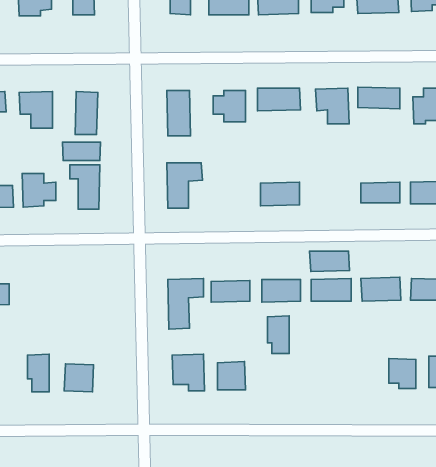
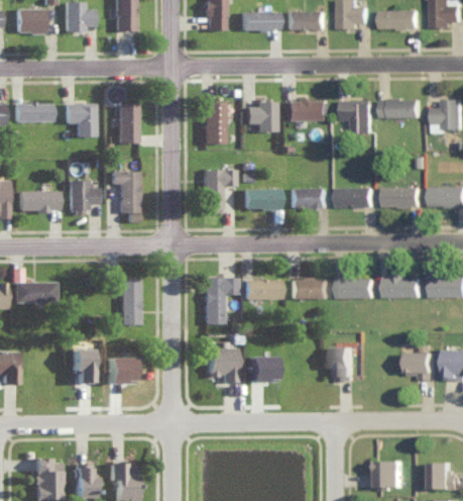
building: [63,142,100,160] -> none
building: none -> [244,189,280,210]
building: [310,251,350,272] -> [337,189,374,208]
building: none -> [120,279,140,325]
building: [268,316,289,354] -> [334,346,354,382]

